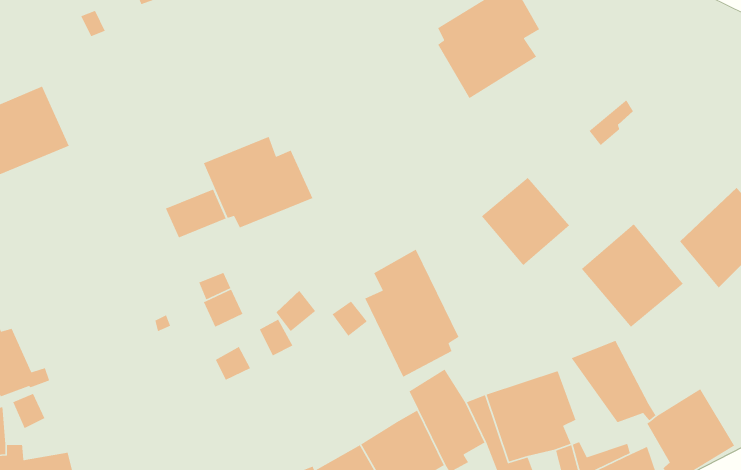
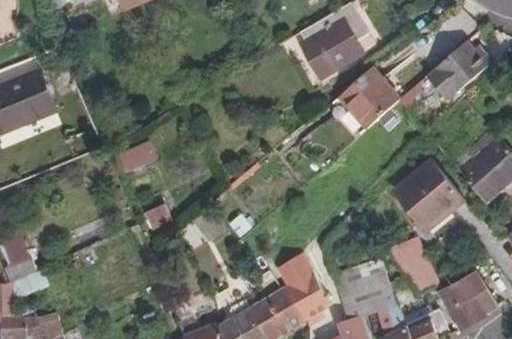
building: none -> [426,43,486,102]
building: [203,136,313,229] -> none
building: [481,177,570,266] -> [338,70,397,129]
building: [364,249,460,378] -> none

